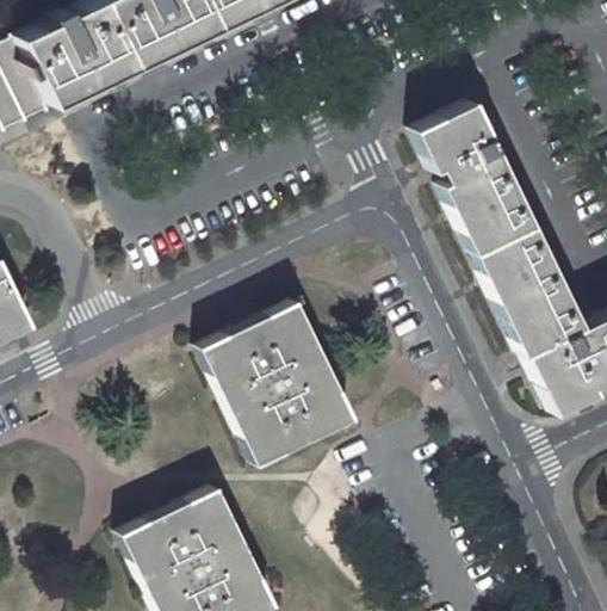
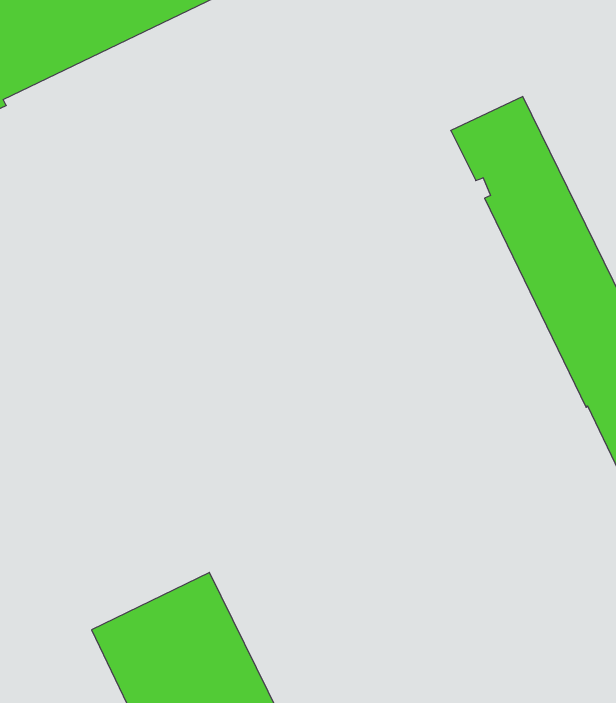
building: [203,301,354,463] -> none

